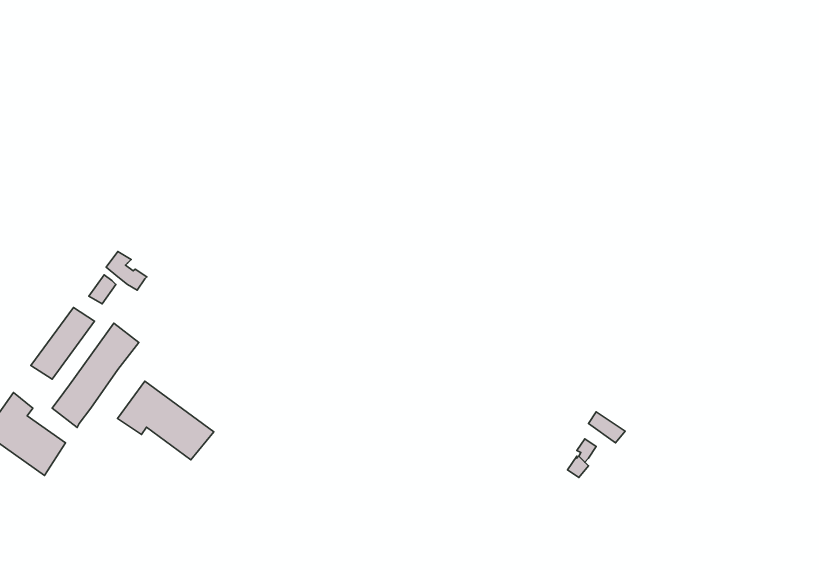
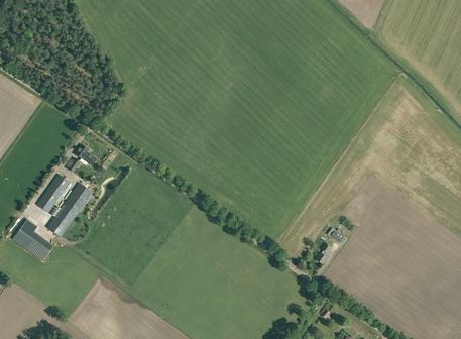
building: [117,381,214,460] -> none

